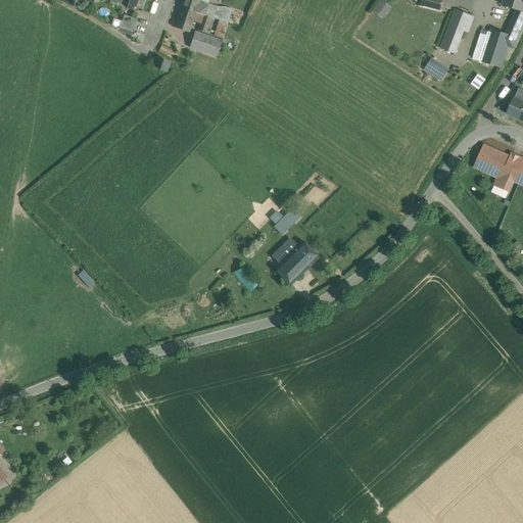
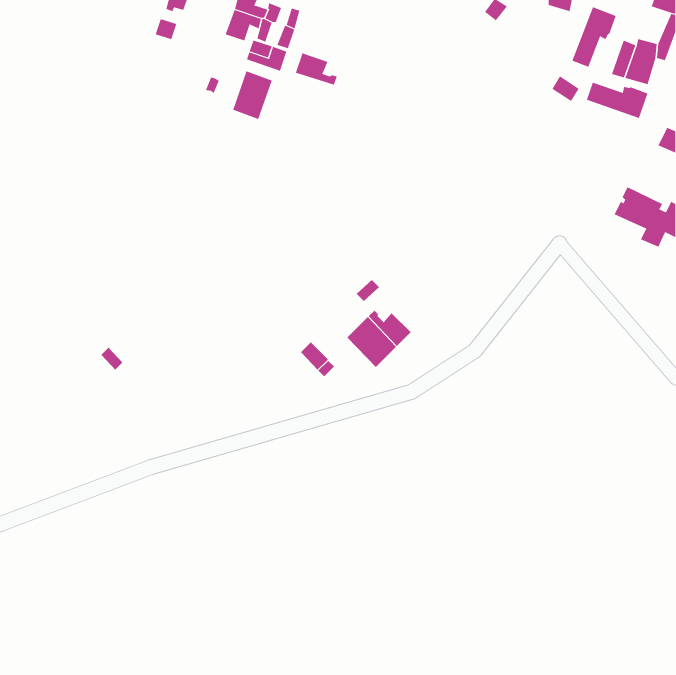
building: none -> [295,53,337,86]
building: none -> [232,70,272,120]
building: none -> [586,82,648,119]

